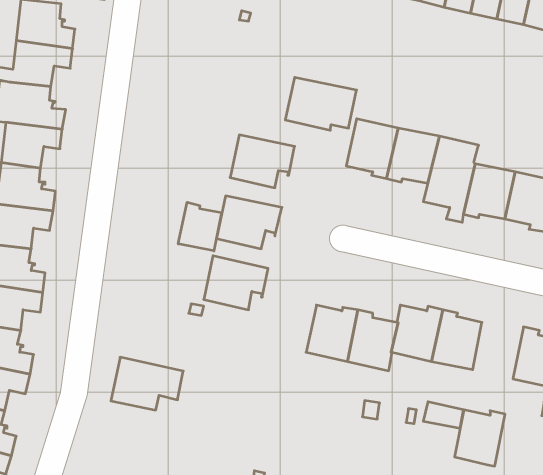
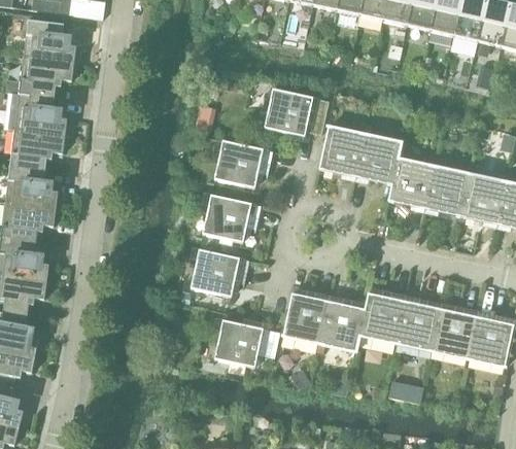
building: [178,202,221,251] -> none
building: [111,357,183,410] -> [214,319,279,367]
building: [455,410,505,466] -> [432,308,477,358]

